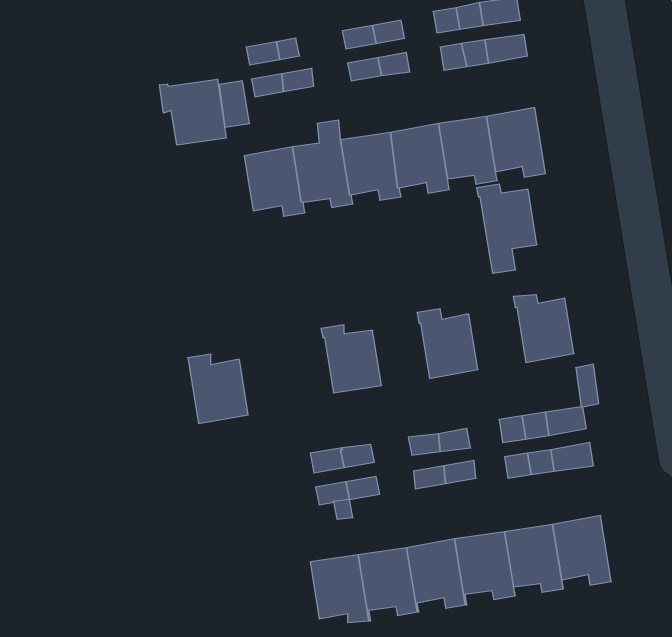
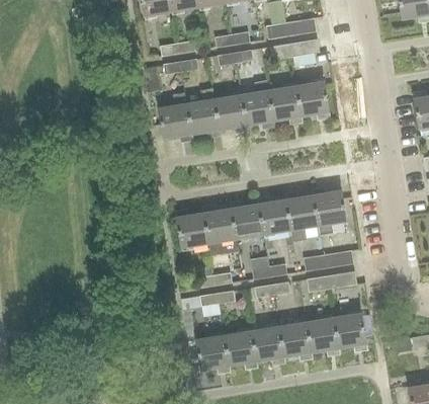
building: [159,79,226,145] -> none
building: [476,184,537,273] -> [284,191,319,242]
building: none -> [230,200,264,239]
building: [188,354,248,424] -> [175,209,209,248]

